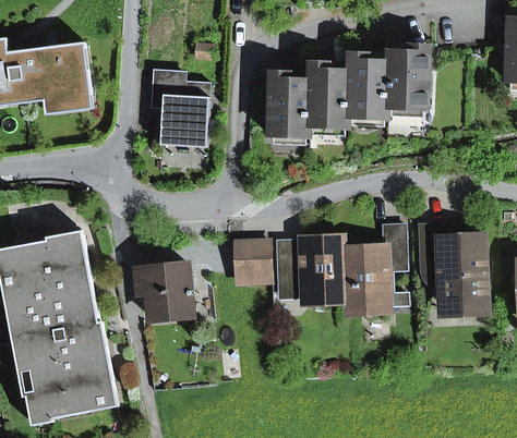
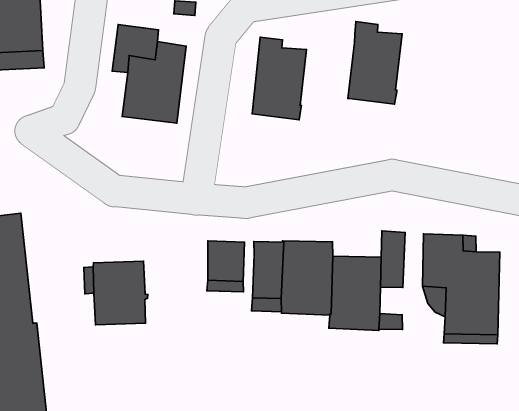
building: [386,44,429,109] -> none
building: [308,61,349,127] -> none

